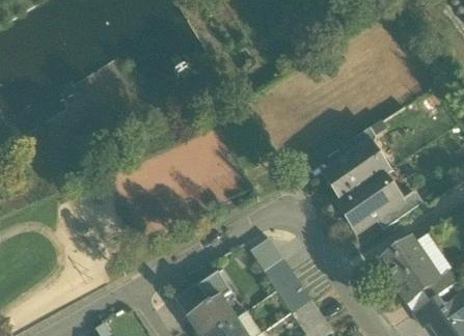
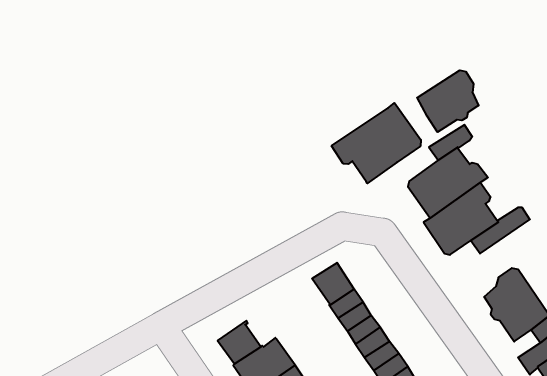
building: none -> [417,70,479,132]
building: none -> [332,103,421,183]
building: [197,271,231,303] -> none

